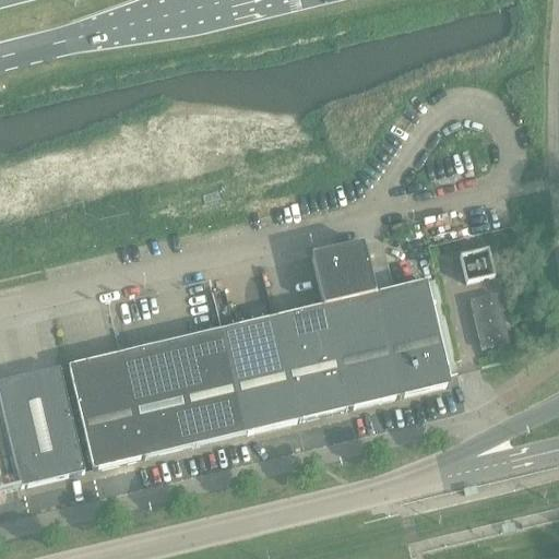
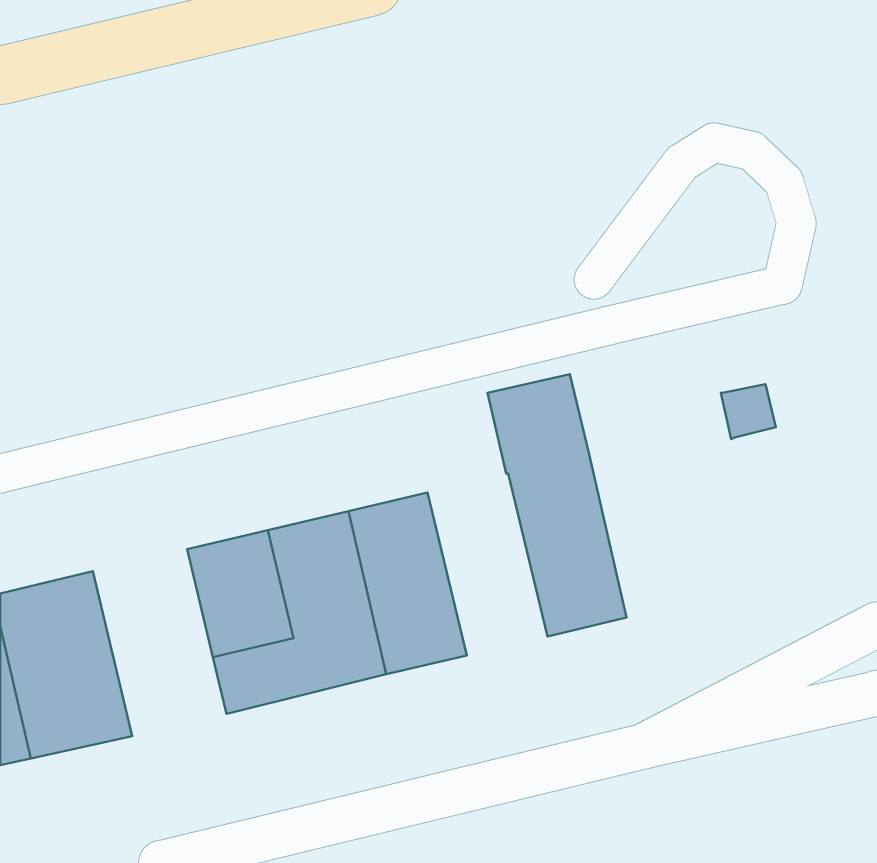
building: [374,276,451,393] -> none
building: [469,289,508,344] -> none
building: [272,301,348,417] -> none
building: [68,349,144,466] -> none

